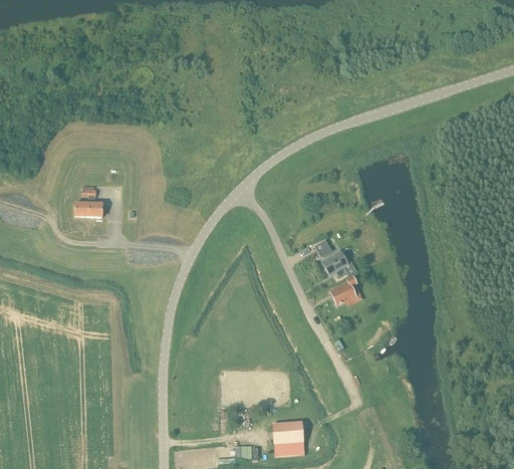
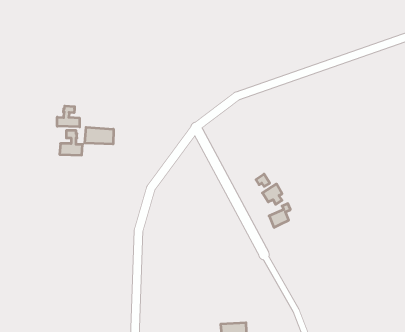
building: none -> [57,106,80,127]
building: none -> [85,127,113,144]

